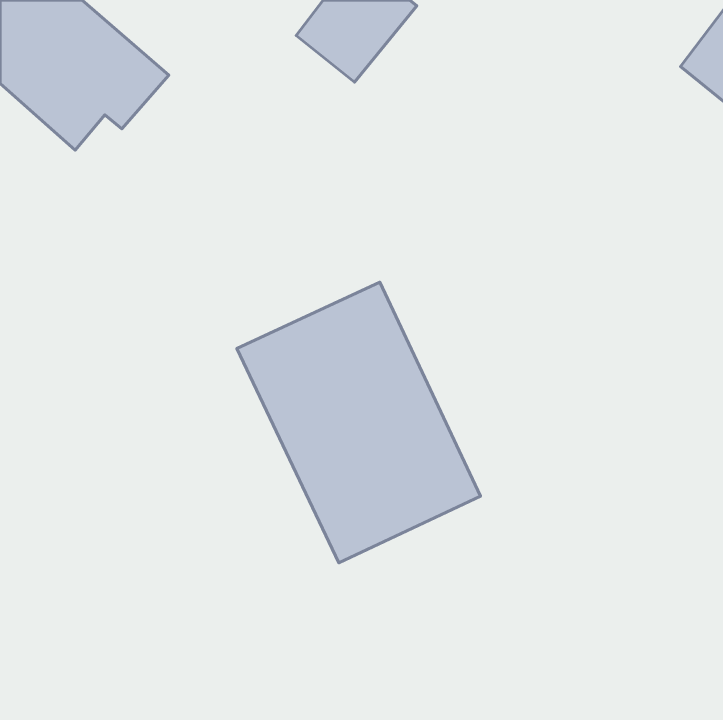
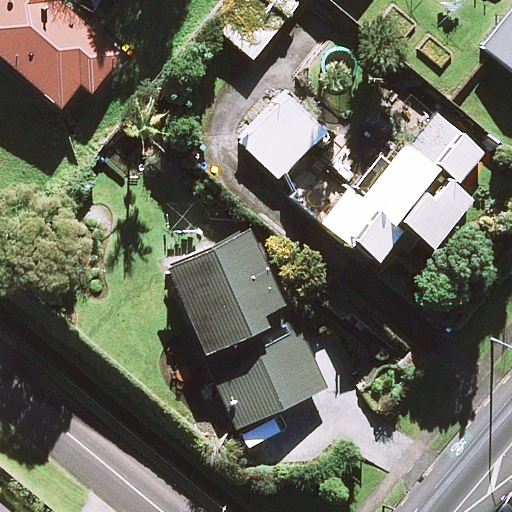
building: none -> [239,98,320,181]
building: none -> [311,113,483,262]

